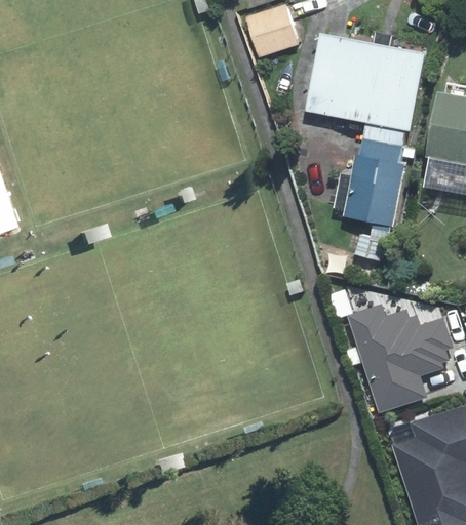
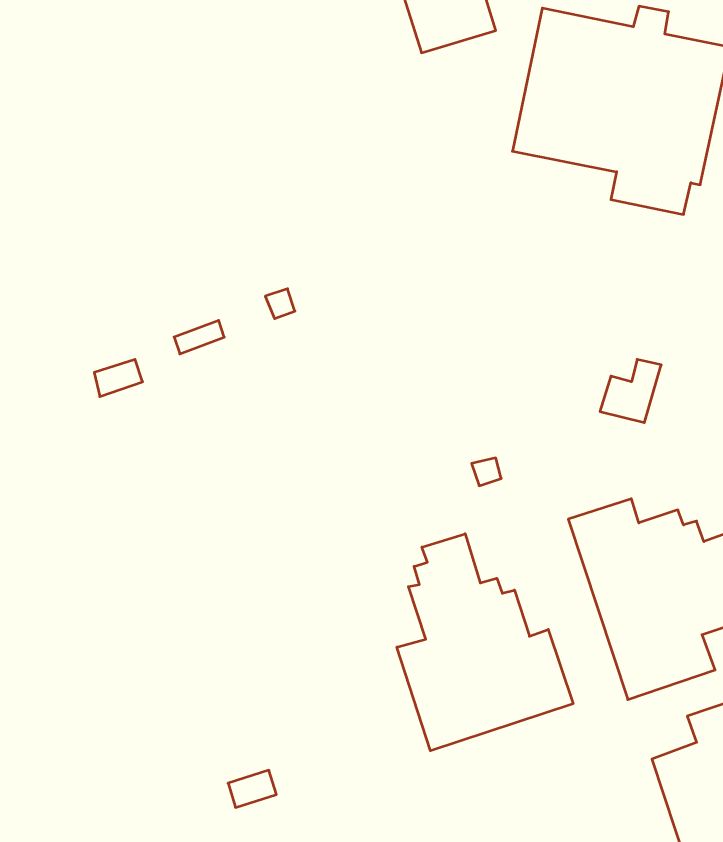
building: [336,138,411,227] -> none
building: none -> [397,534,573,751]

